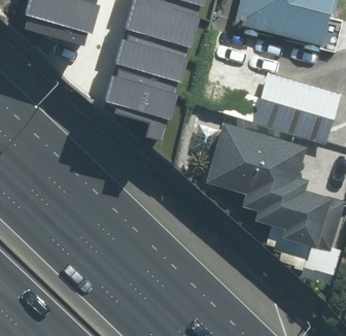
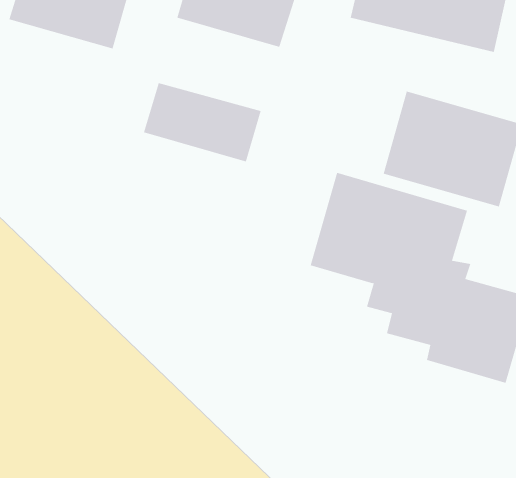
building: [114,27,189,85] -> none

